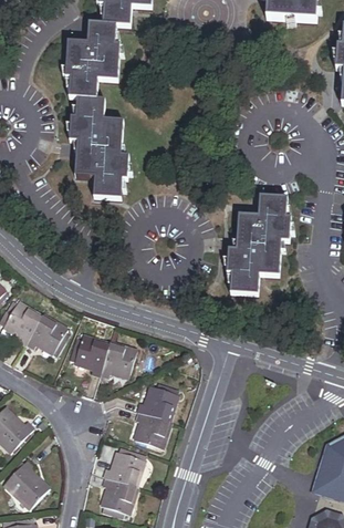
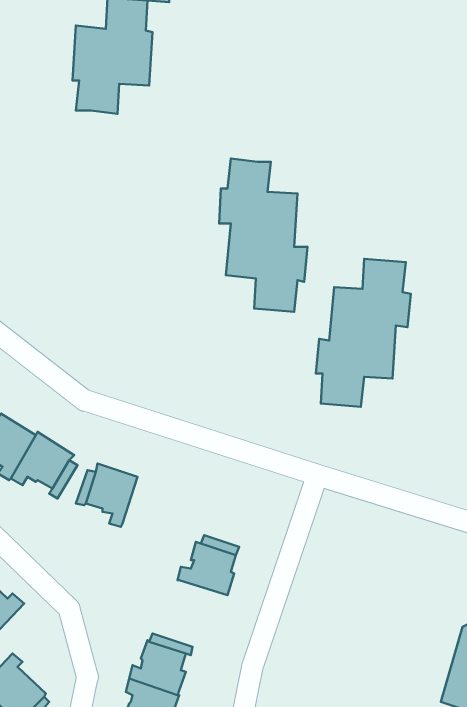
building: [70,99,128,200] -> [219,158,308,312]
building: [98,340,136,376] -> none
building: [132,411,169,447] -> none

